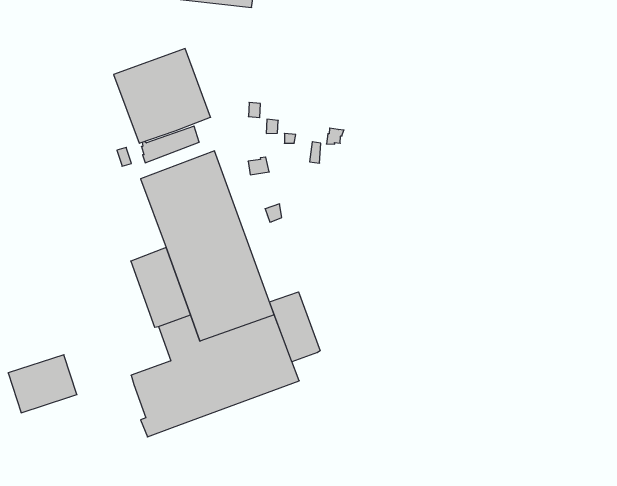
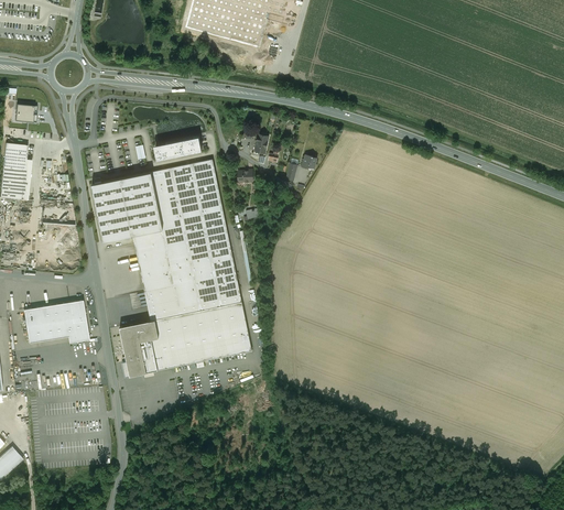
building: [114,49,211,143] -> [90,171,162,240]
building: [270,292,320,362] -> none
building: none -> [67,299,88,341]

